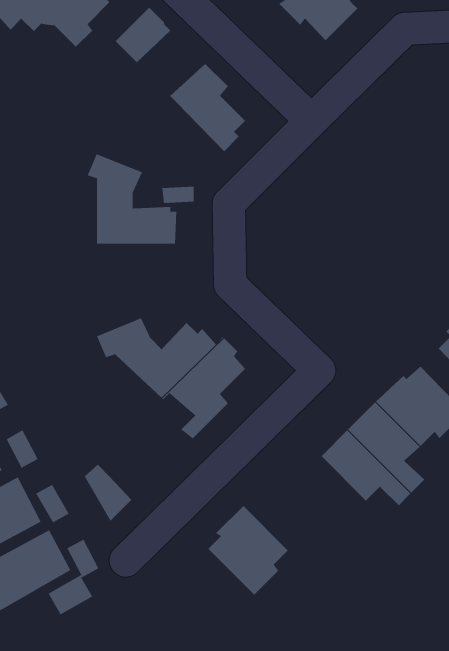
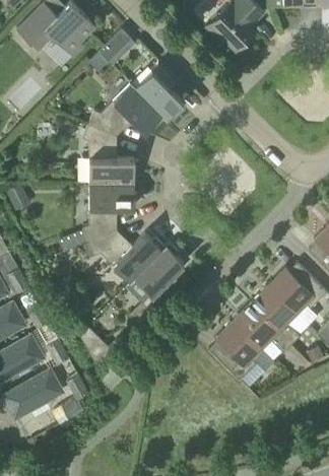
building: none -> [86,81,170,135]
building: none -> [80,182,138,242]
building: [208,505,289,596] -> [209,320,262,379]

